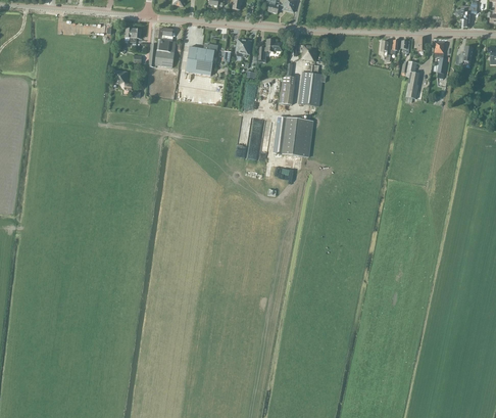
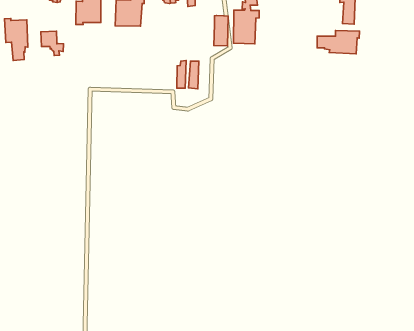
building: none -> [4,18,28,61]
building: none -> [317,30,359,54]
building: [274,115,312,155] -> none

